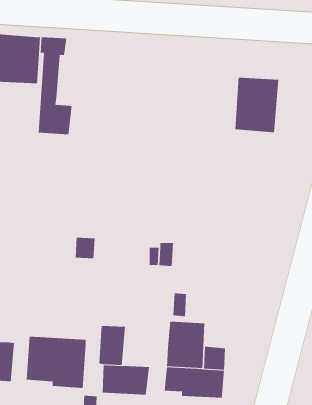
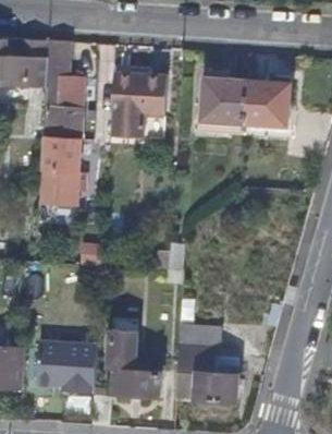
building: none -> [110,71,167,137]
building: none -> [200,77,248,133]
building: none -> [40,136,79,204]

